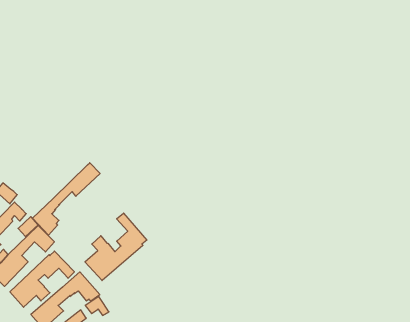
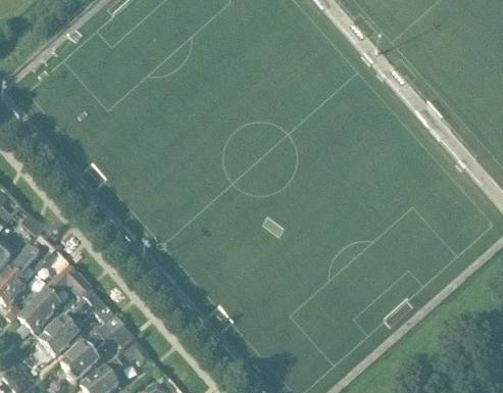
building: [32,163,100,235] -> none
building: [85,213,147,281] -> none

